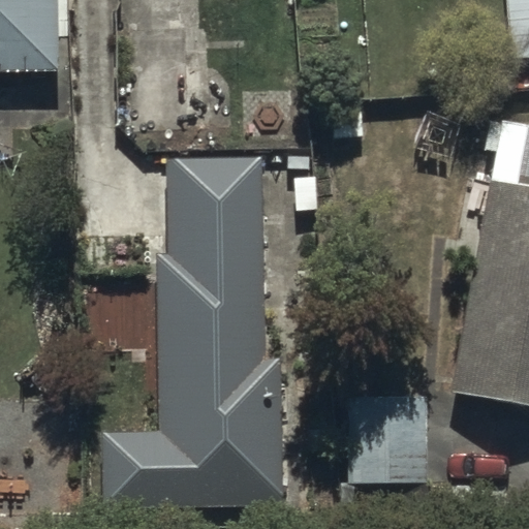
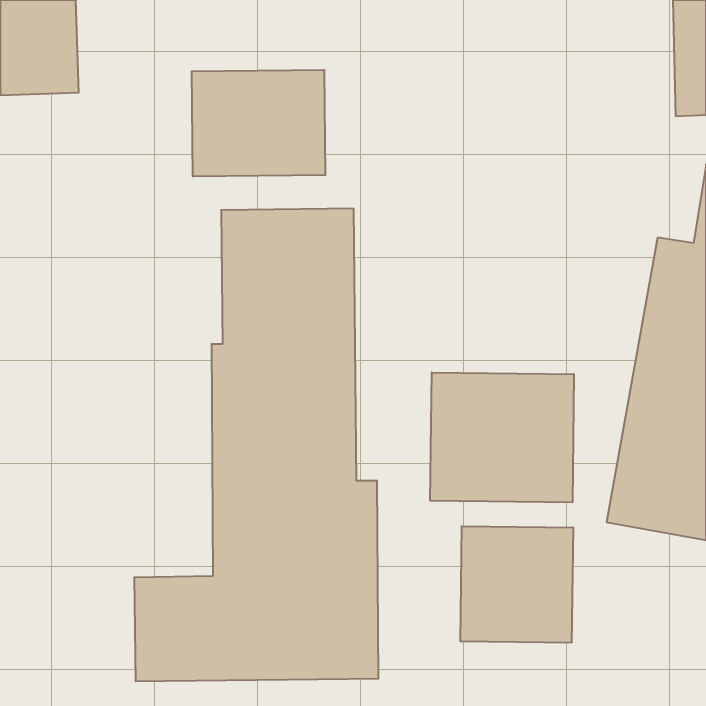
building: none -> [192,70,325,177]
building: none -> [430,372,574,502]

